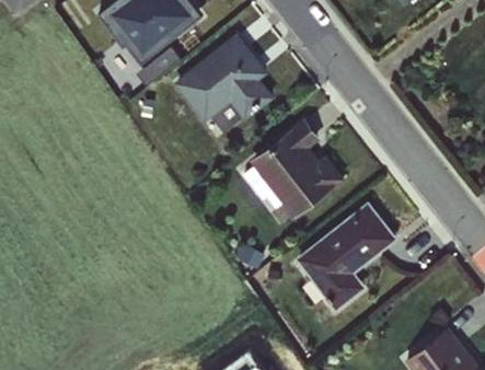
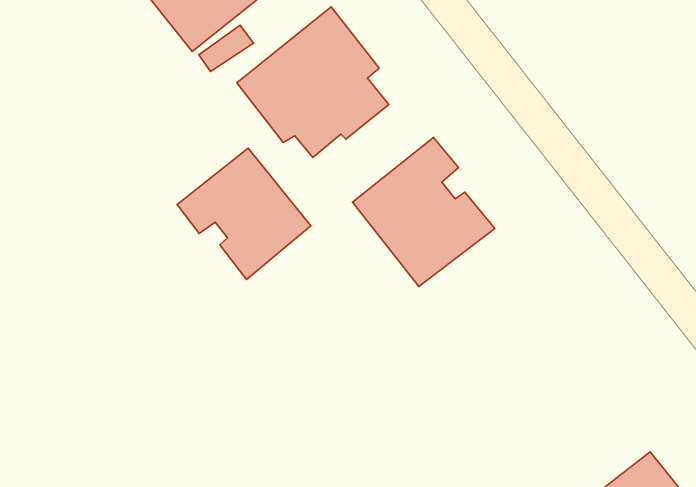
building: none -> [177,148,311,280]
building: [293,201,397,312] -> none

